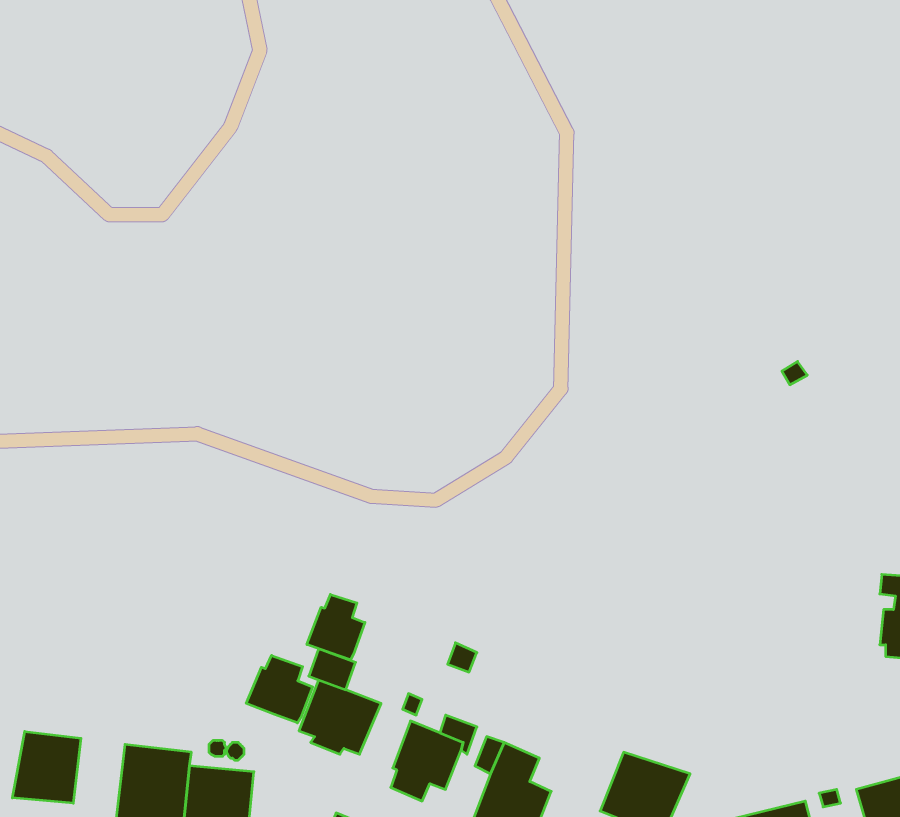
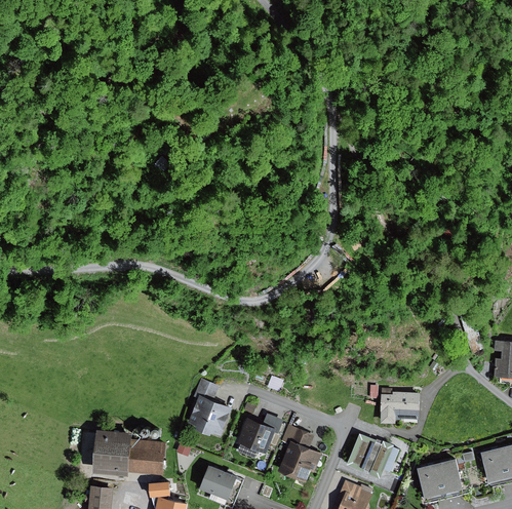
building: [307,594,365,660] -> none
building: [246,655,313,723] -> none
building: none -> [380,392,419,424]
building: [12,731,81,803] -> none

